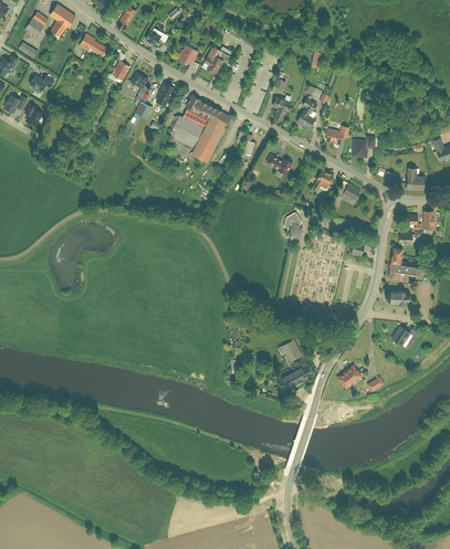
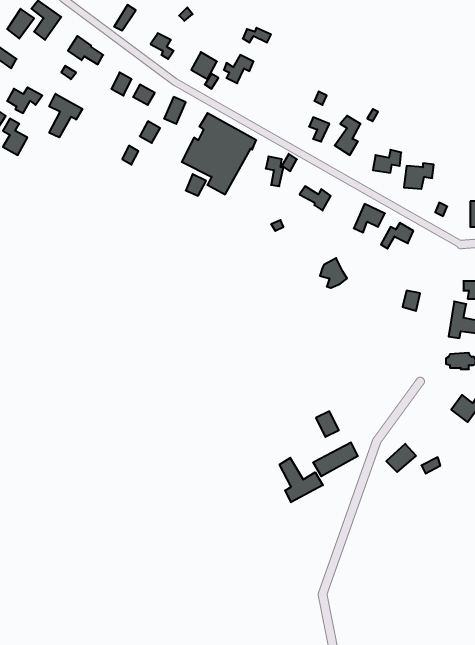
building: none -> [49,94,82,137]
building: none -> [280,458,323,502]

